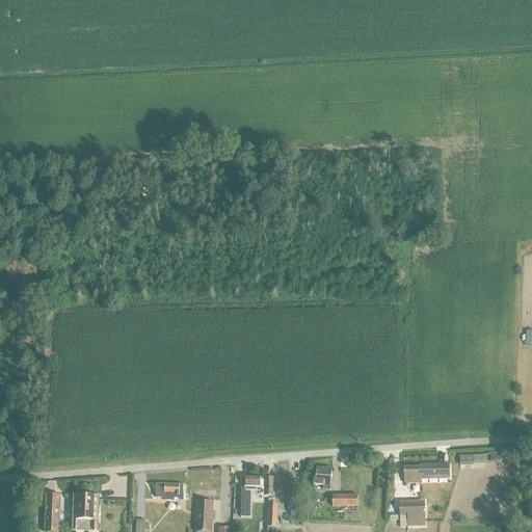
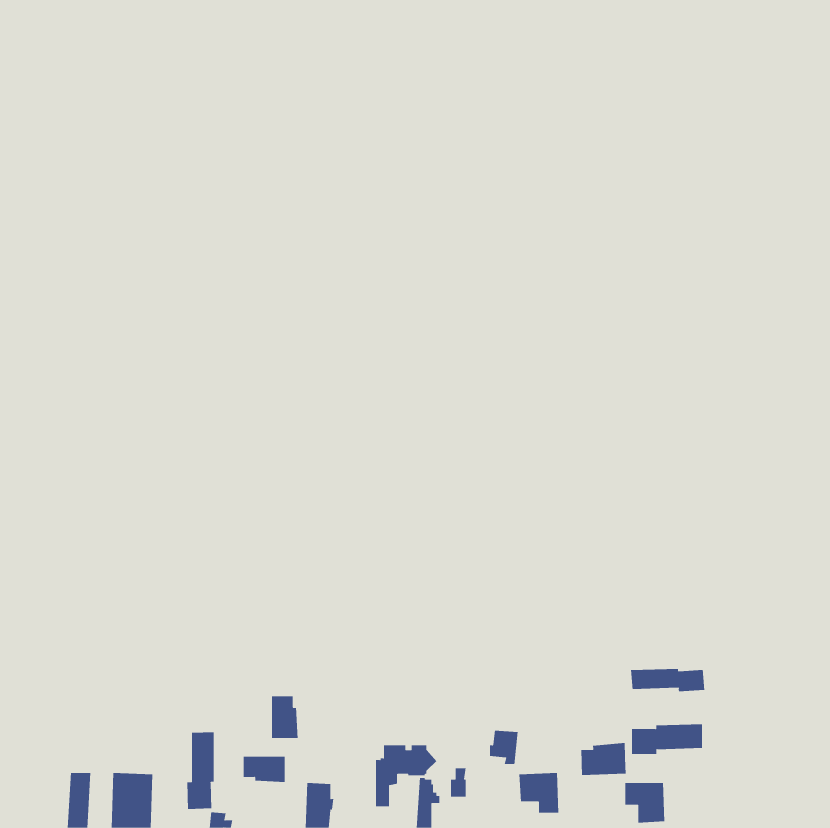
building: none -> [631,668,705,692]
building: none -> [272,695,298,739]
building: none -> [187,731,214,810]
building: none -> [581,742,626,776]

